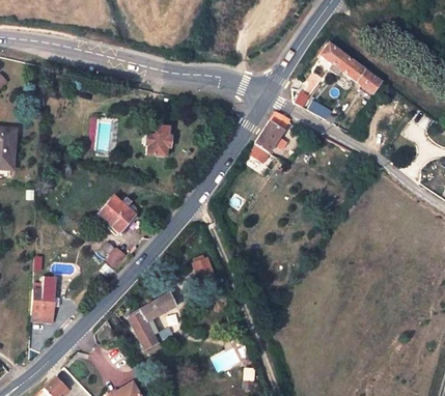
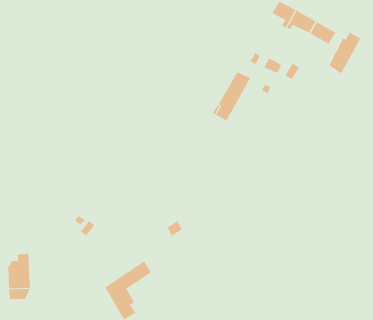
building: none -> [329,32,361,74]
building: [145,124,170,155] -> none
building: [99,195,138,234] -> none

